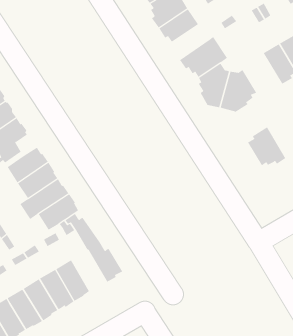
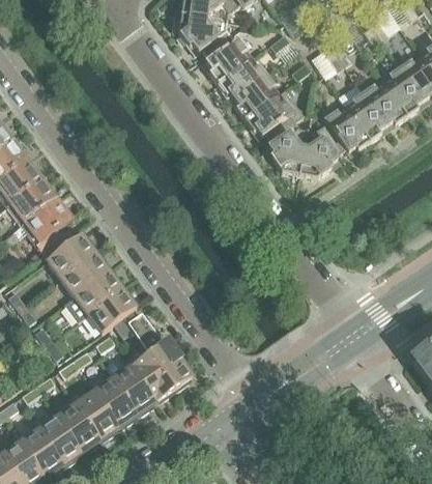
building: none -> [234,74,279,118]
building: [247,127,286,166] -> [321,104,369,151]
building: none -> [131,351,174,400]

